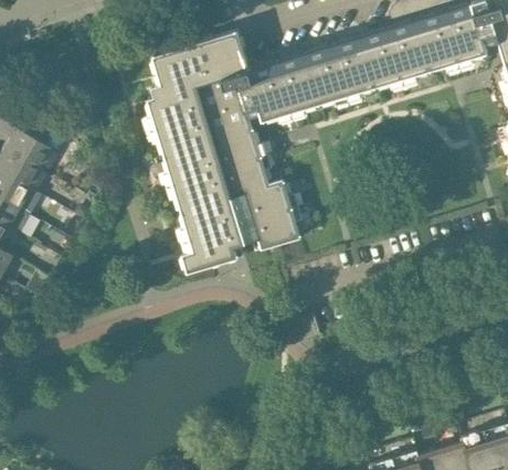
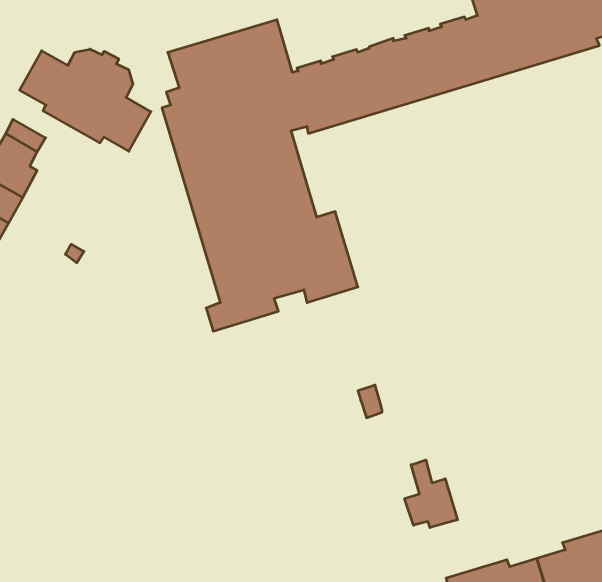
building: none -> [20,49,151,151]
building: none -> [405,460,457,528]

